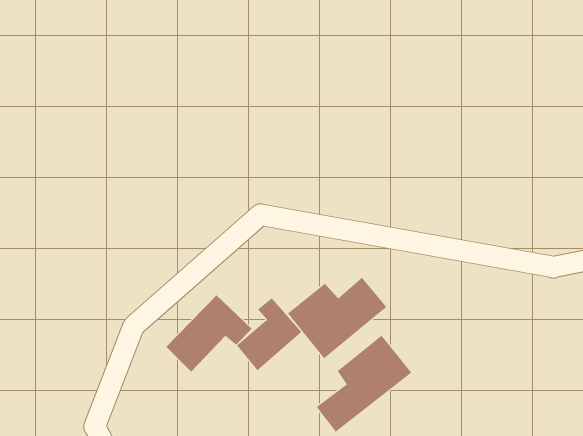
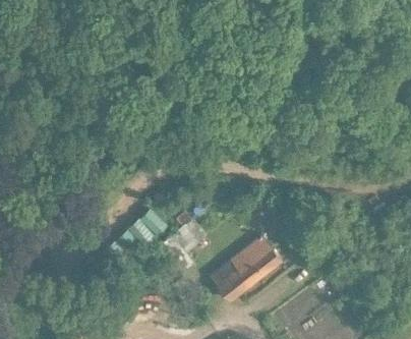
building: [287,277,387,359] -> none

